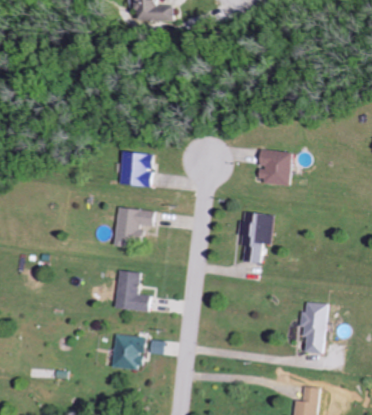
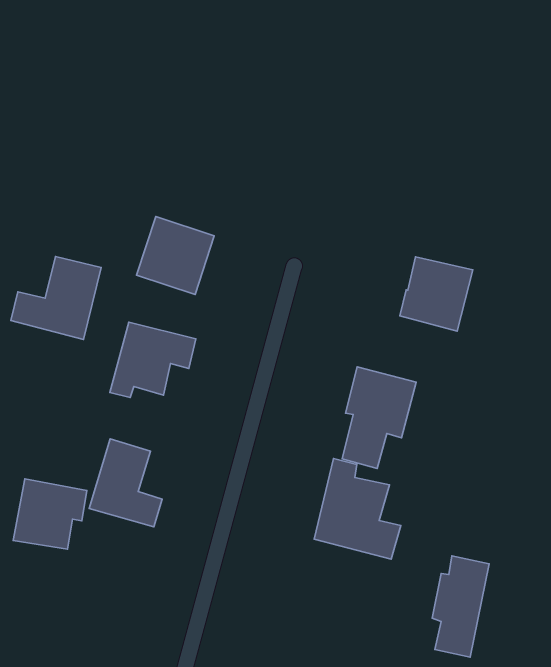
building: none -> [11,256,101,340]
building: none -> [314,458,401,559]
building: [112,336,146,369] -> [13,479,87,549]

